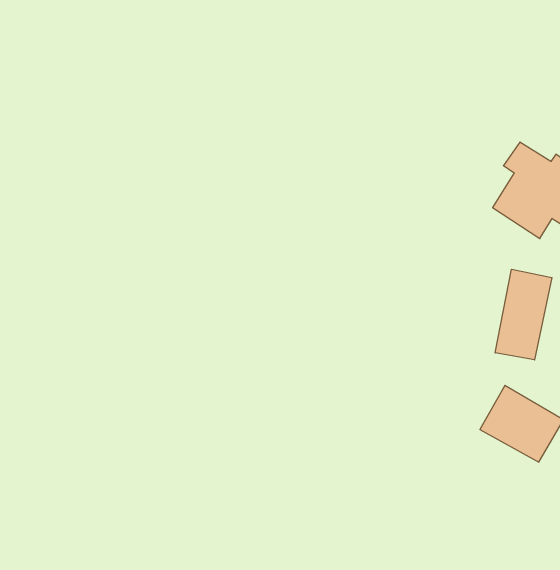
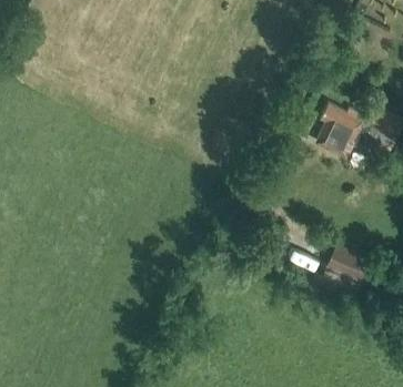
building: [495,269,552,360] -> none

